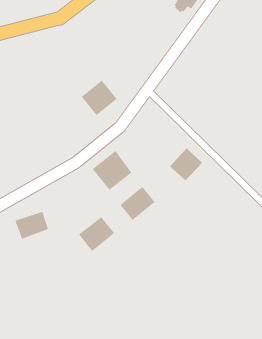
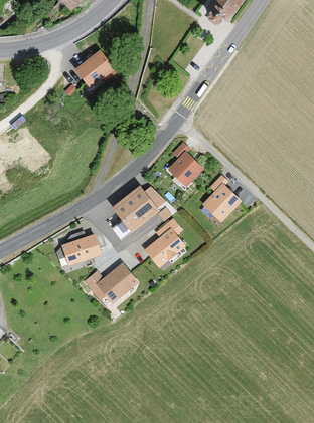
building: [81,80,118,116] -> [73,48,117,90]
building: none -> [168,143,204,188]
building: [15,211,49,240] -> [61,234,102,267]

